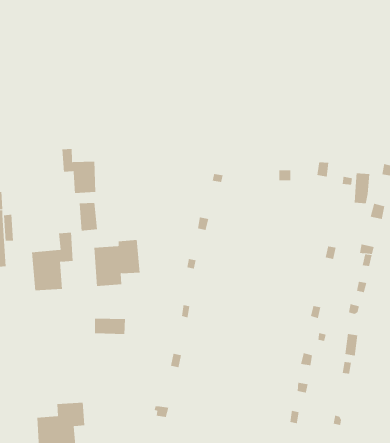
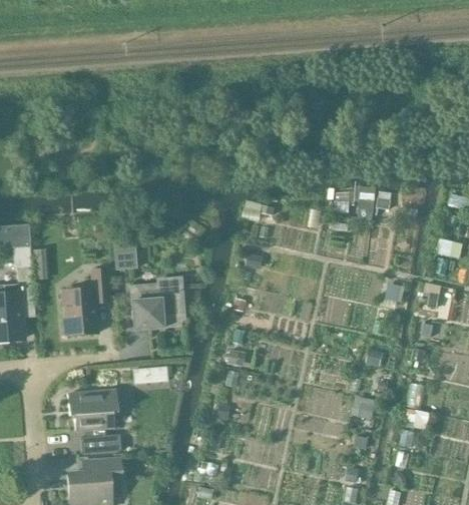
building: [62,148,96,194] -> none
building: [354,173,370,204] -> [359,186,377,220]
building: none -> [67,390,120,453]

